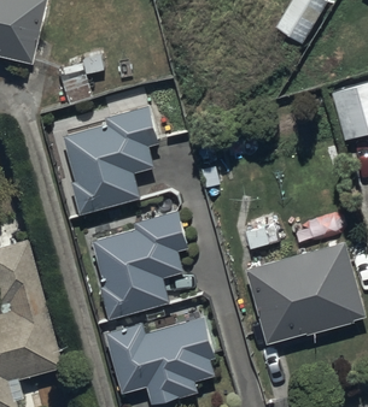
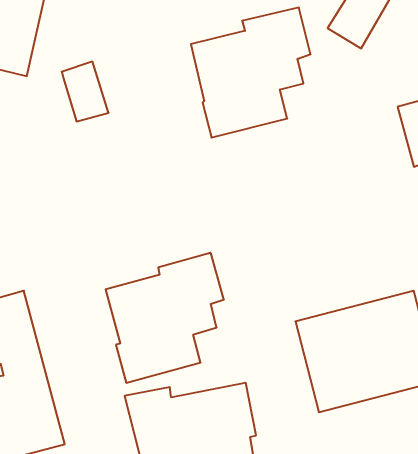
building: [64,106,163,213] -> [191,8,311,138]

